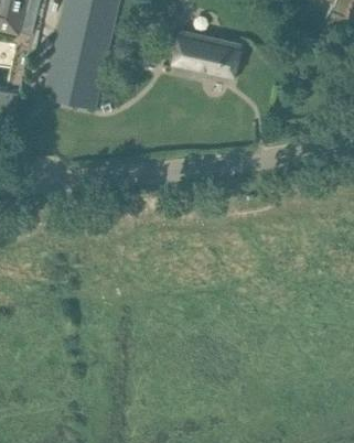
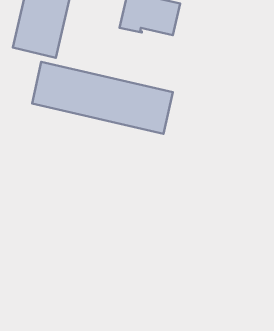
building: none -> [32,62,173,134]

